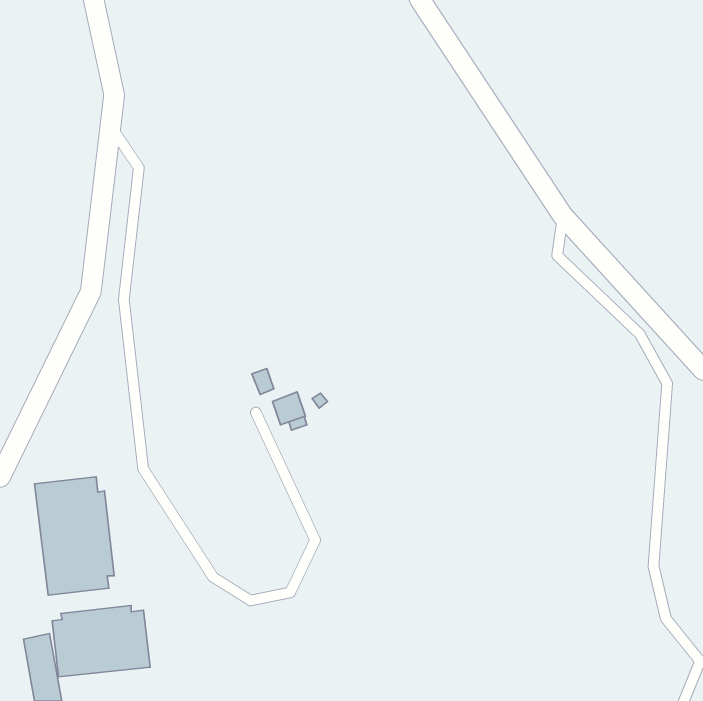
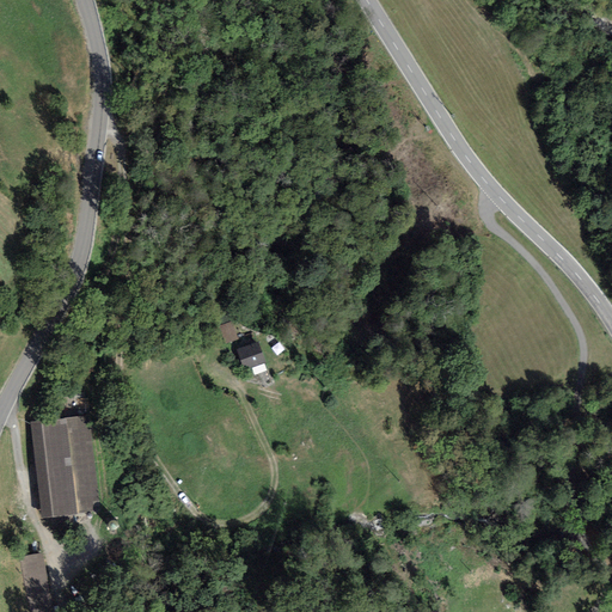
building: [52,605,150,677] -> none

